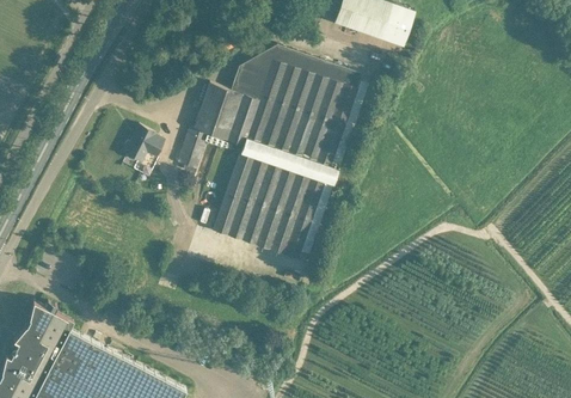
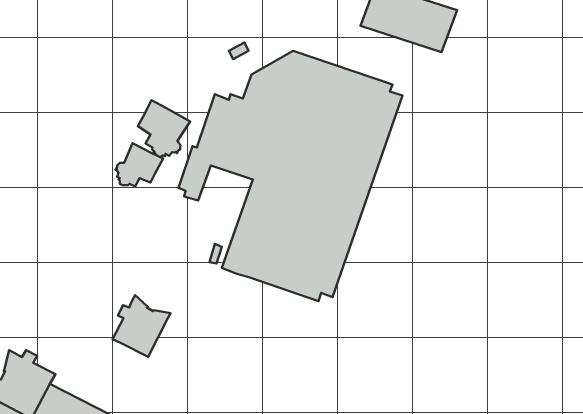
building: none -> [138,100,190,157]
building: none -> [113,295,171,357]

